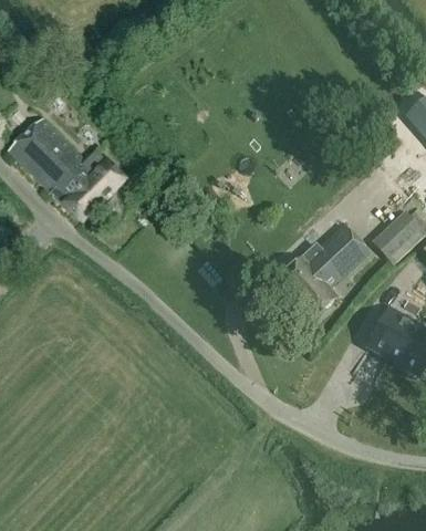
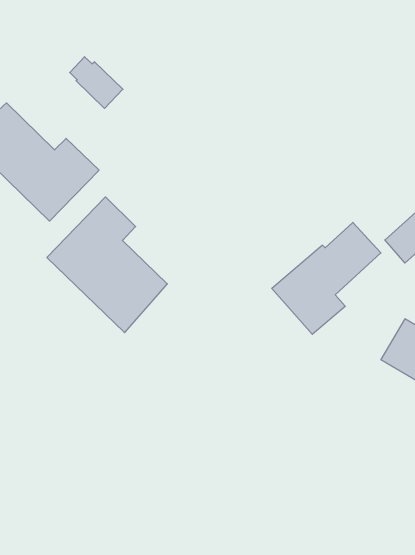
building: none -> [70,57,123,108]
building: none -> [47,197,167,333]

